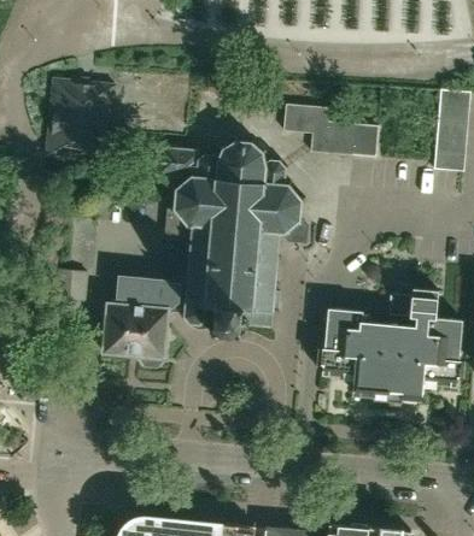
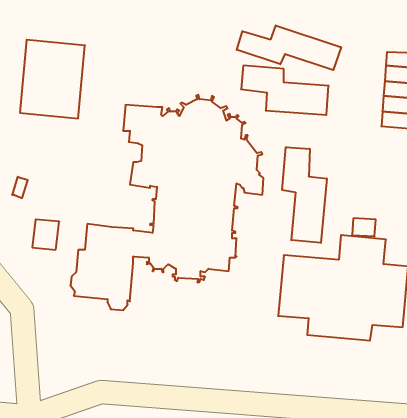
building: none -> [237,25,341,70]
building: none -> [282,147,327,243]

